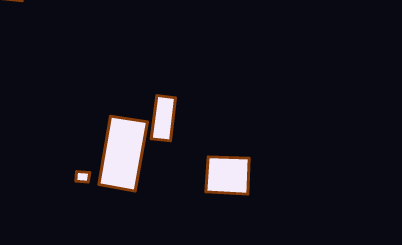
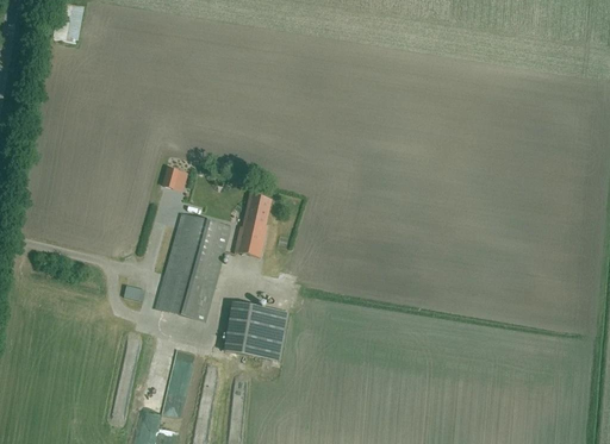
building: [206,157,249,194] -> [223,302,287,359]

